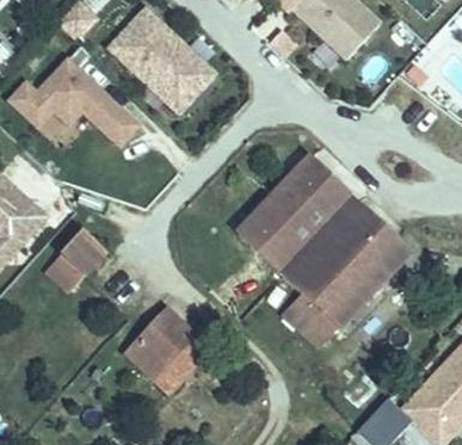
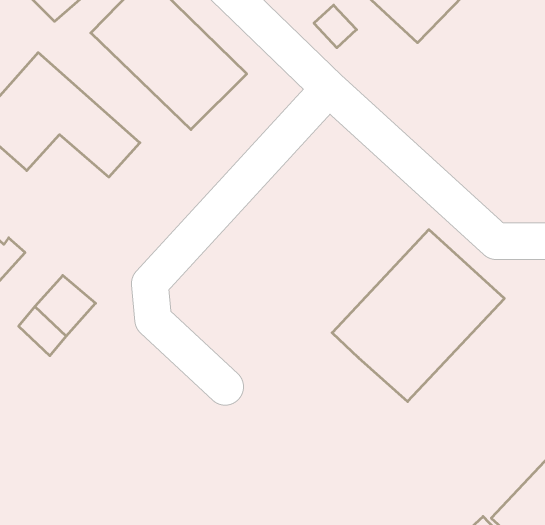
building: [238,154,346,266] -> none
building: [281,288,335,341] -> none
building: [130,304,211,385] -> none

